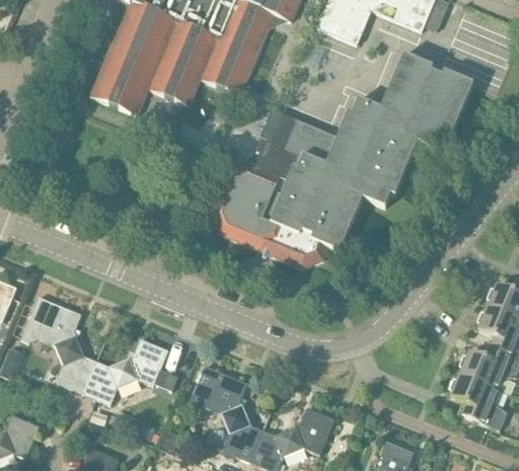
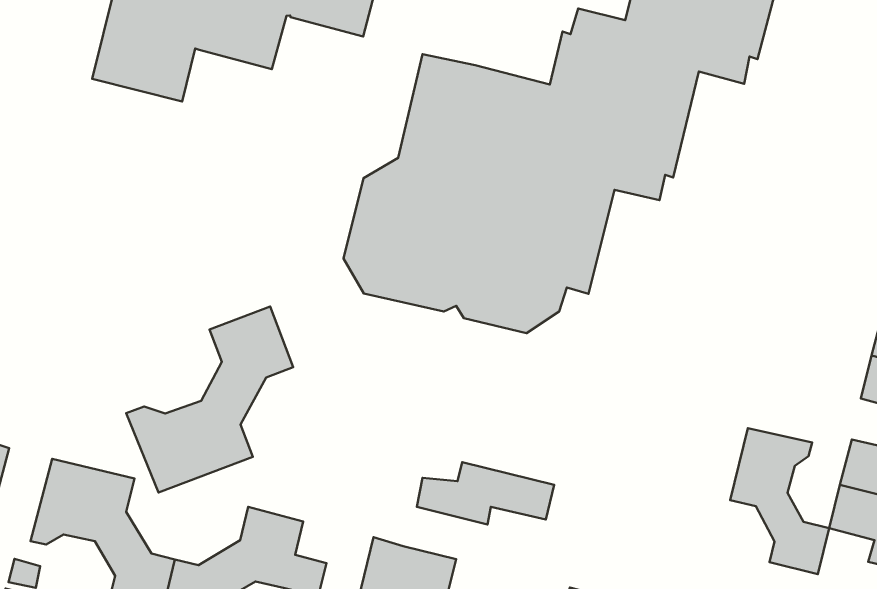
building: none -> [126,306,293,493]
building: none -> [417,462,554,525]
building: none -> [730,428,829,574]

